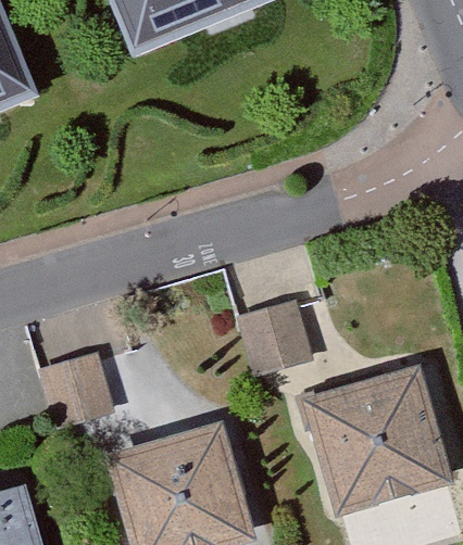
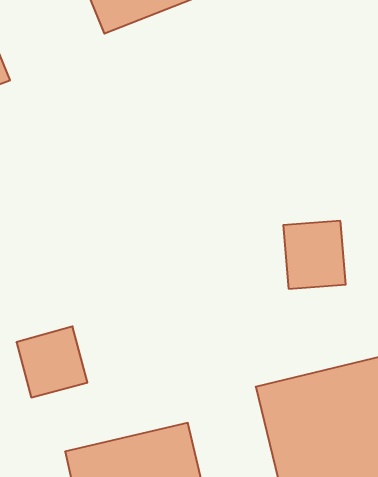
building: [251,302,315,371] -> [283,221,346,289]

